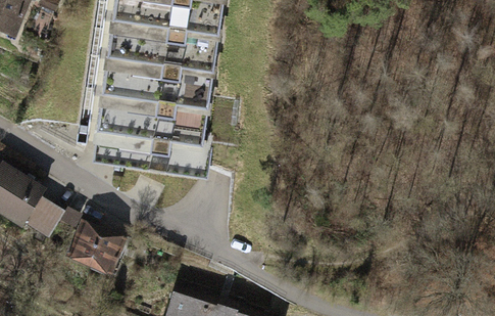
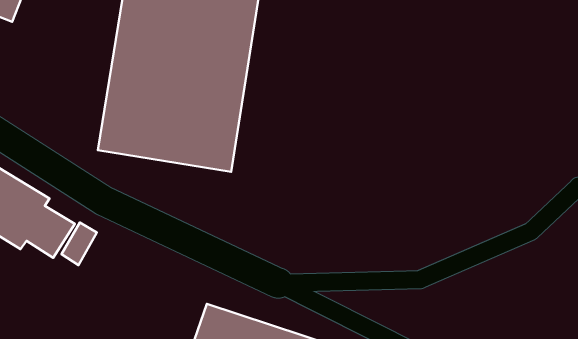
building: [68,223,125,279] -> none

